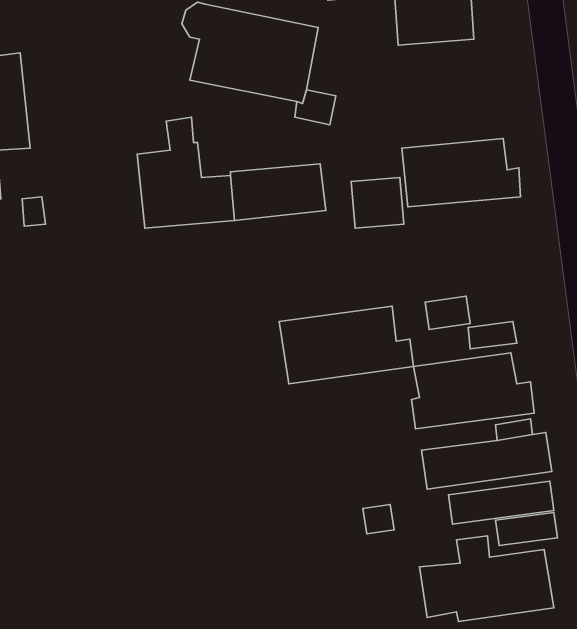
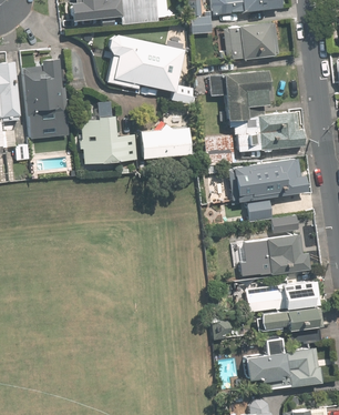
building: none -> [23,60,69,141]
building: none -> [208,70,266,118]
building: [279,306,414,384] -> [229,156,306,201]

